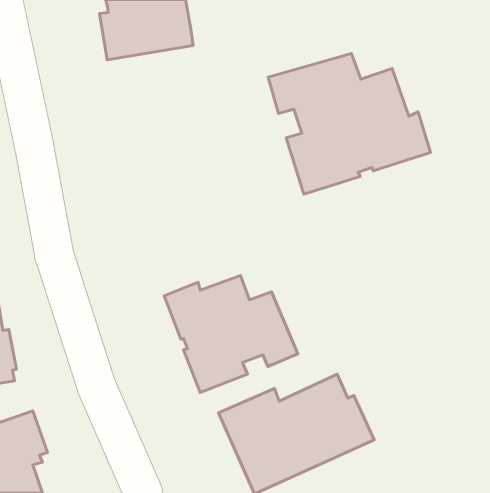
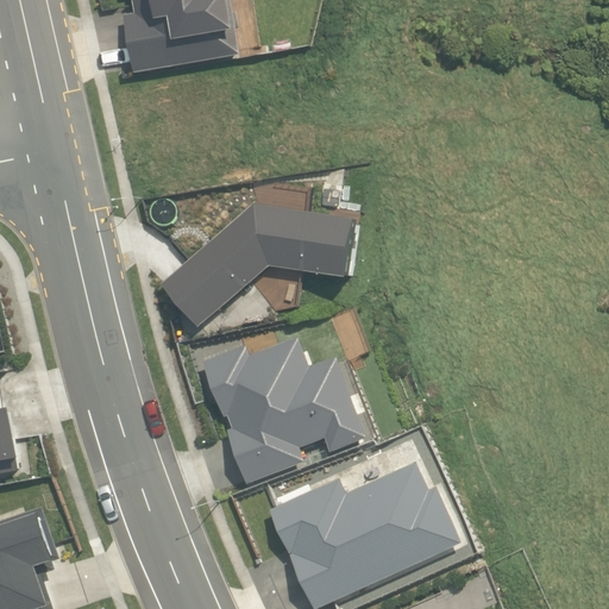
building: [268,53,430,194] -> none
building: none -> [159,205,357,328]

